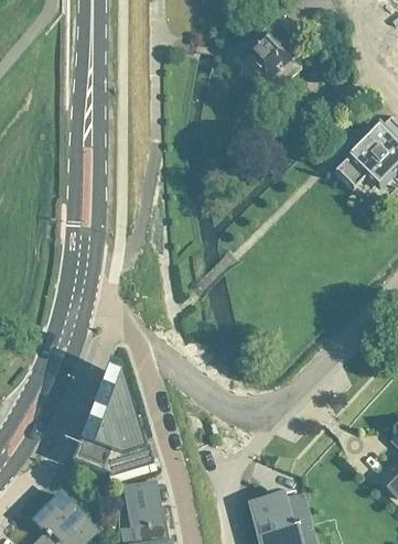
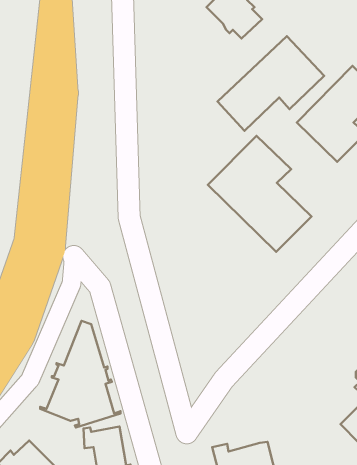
building: none -> [218,36,324,131]
building: none -> [208,136,312,252]

